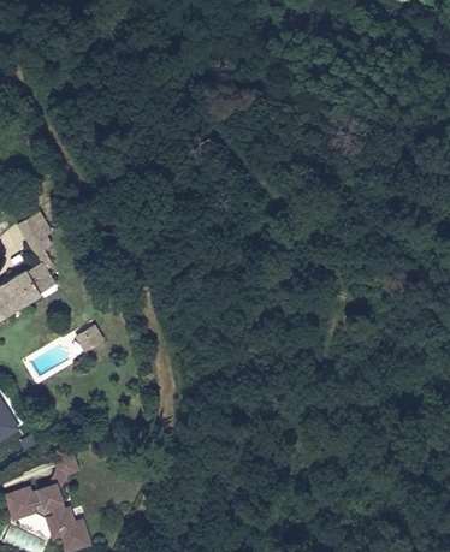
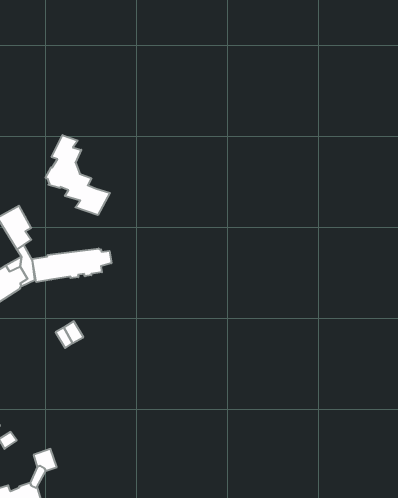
building: none -> [46,135,110,215]
building: none -> [32,248,111,282]

